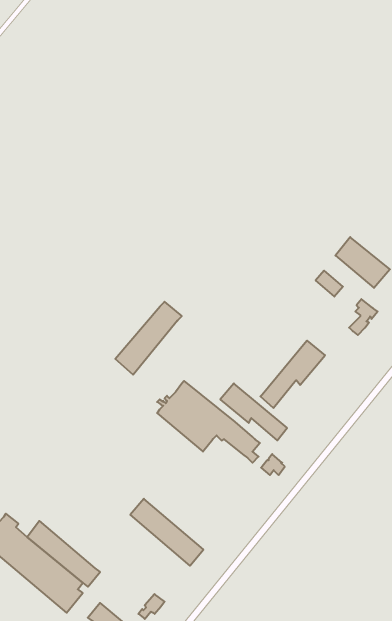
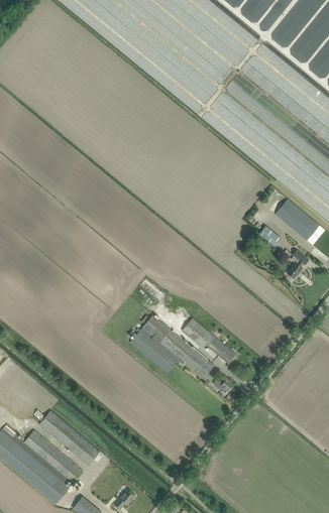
building: [115,302,182,375] -> none
building: [260,341,325,408] -> none
building: [130,499,203,566] -> [39,410,99,465]

